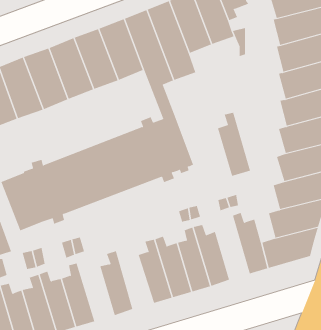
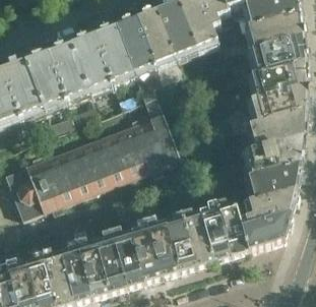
building: [217,112,251,177] -> [196,202,227,260]
building: none -> [107,232,140,287]
building: none -> [71,242,105,298]

